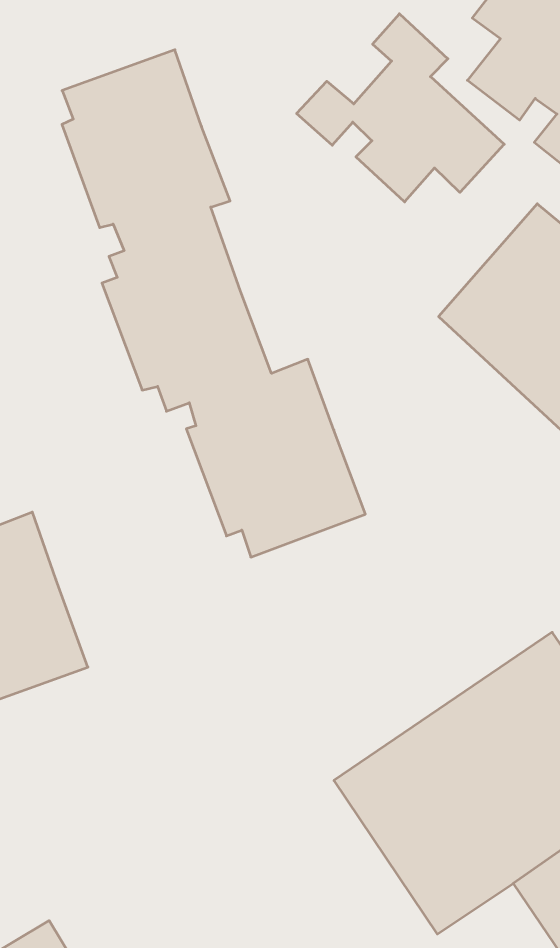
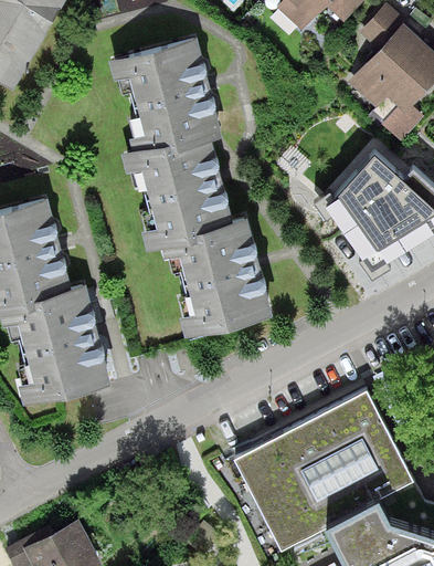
building: [297,14,504,202] -> none

